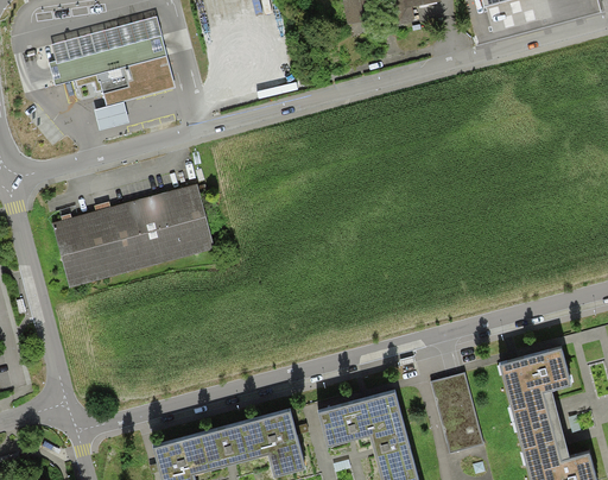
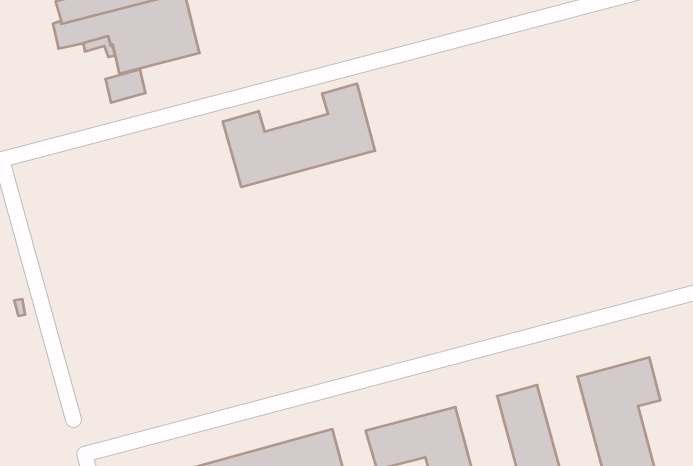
building: none -> [223,84,375,187]
building: [52,182,214,285] -> none

